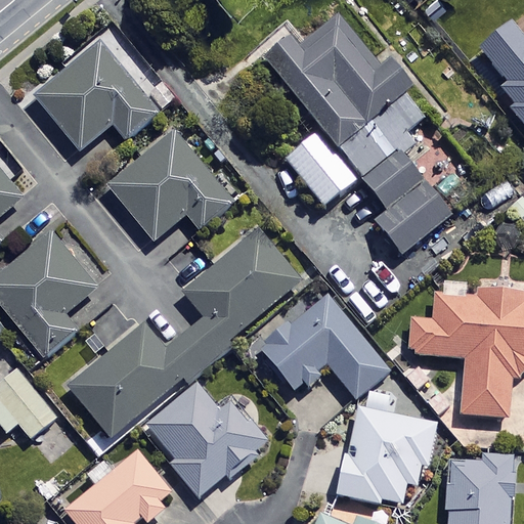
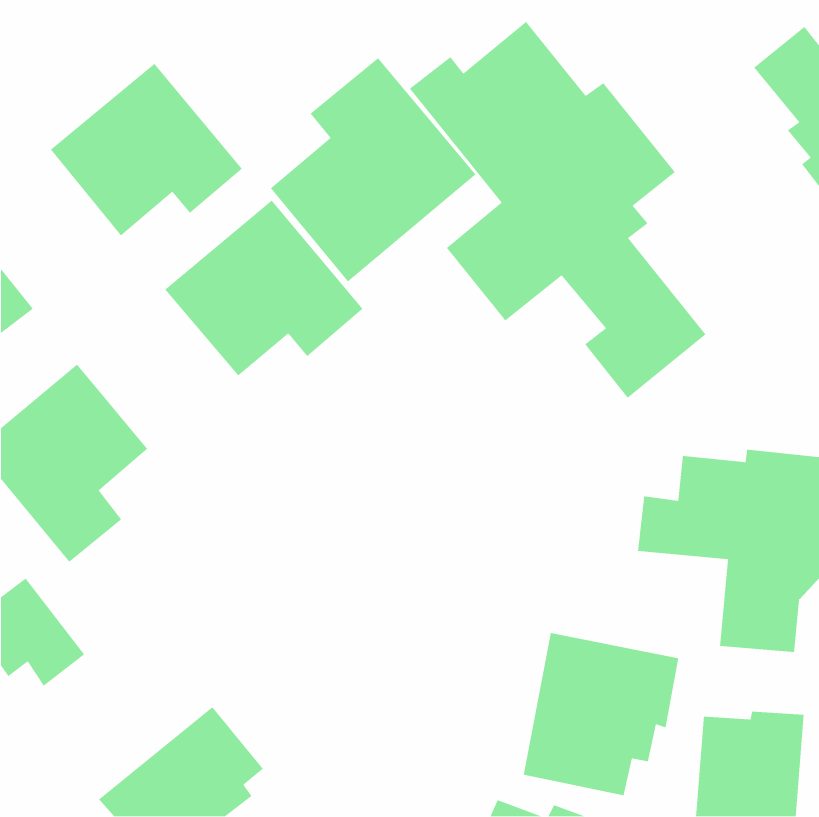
building: none -> [270,57,477,283]
building: [68,227,301,436] -> none
building: [256,289,390,397] -> none
building: [147,383,271,498] -> none

